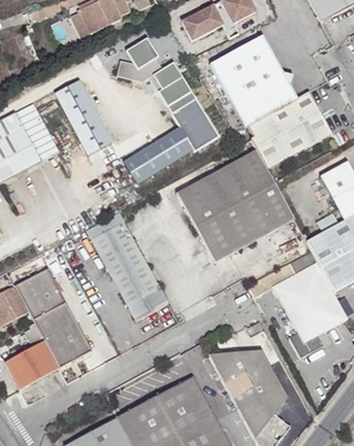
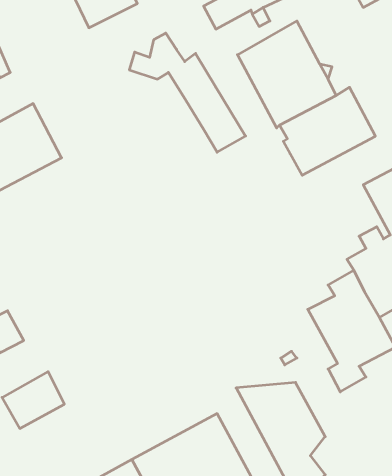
building: [60,79,118,156] -> none
building: [123,128,193,186] -> none
building: [176,149,294,263] -> none
building: [90,221,168,319] -> none
building: [13,267,91,368] -> none

